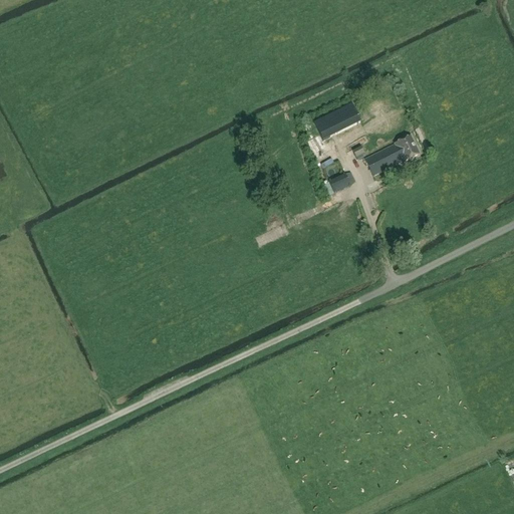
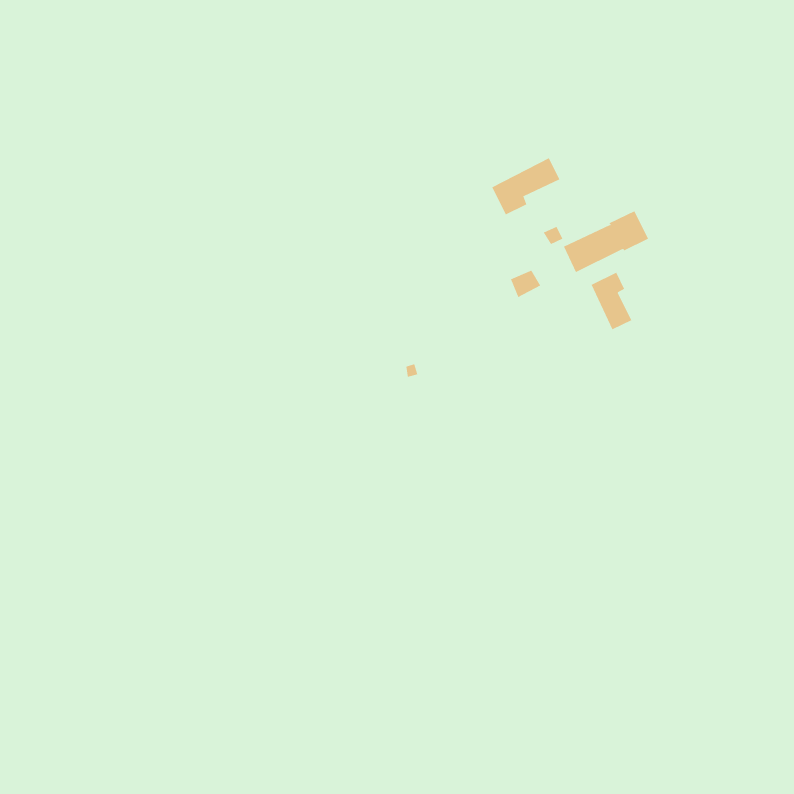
building: none -> [591,272,632,330]

